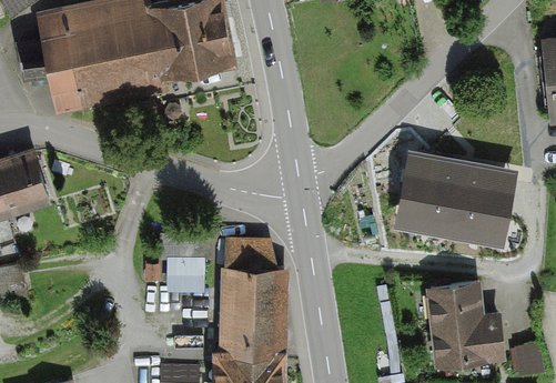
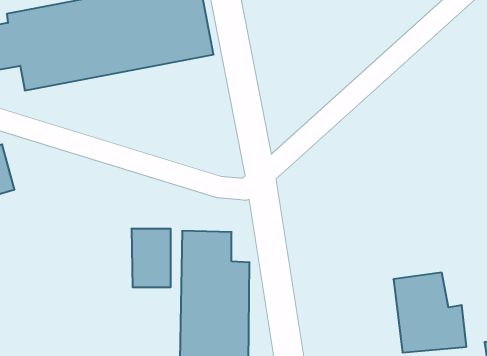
building: [397,161,503,234] -> none

